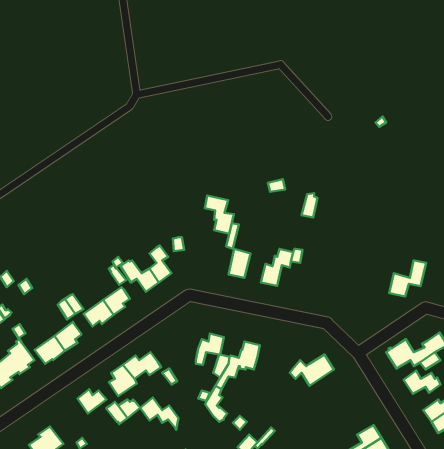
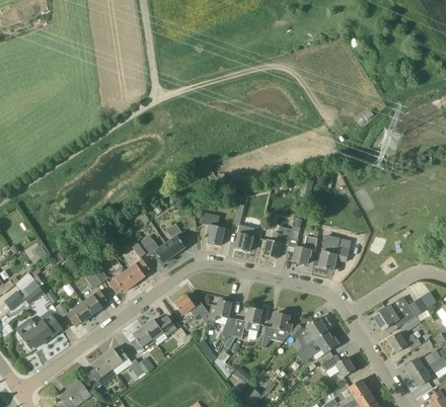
building: [205,195,234,234] -> [200,211,225,244]
building: [389,261,426,297] -> [318,238,351,269]
building: none -> [293,236,318,263]
building: none -> [258,312,293,346]
building: none -> [297,330,339,362]
building: none -> [318,353,356,377]
building: [140,397,178,430] -> [175,294,209,322]
building: none -> [86,355,113,388]

